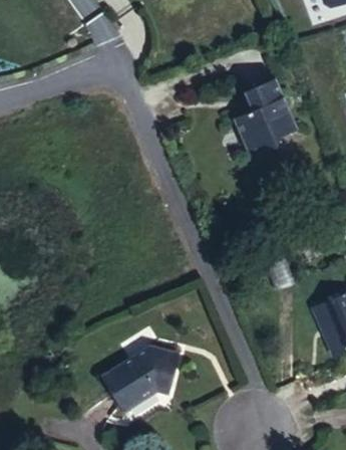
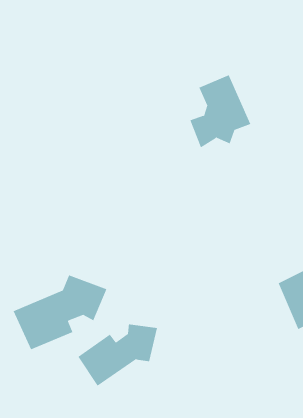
building: none -> [13,275,107,350]

